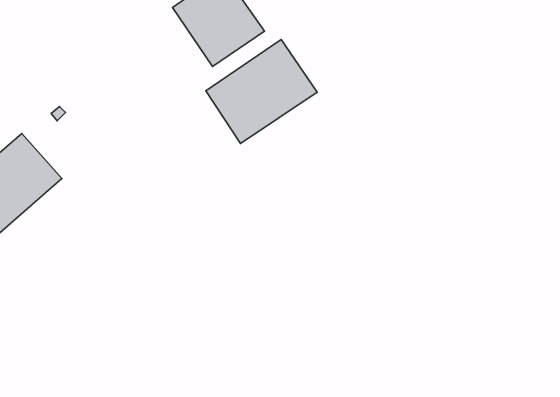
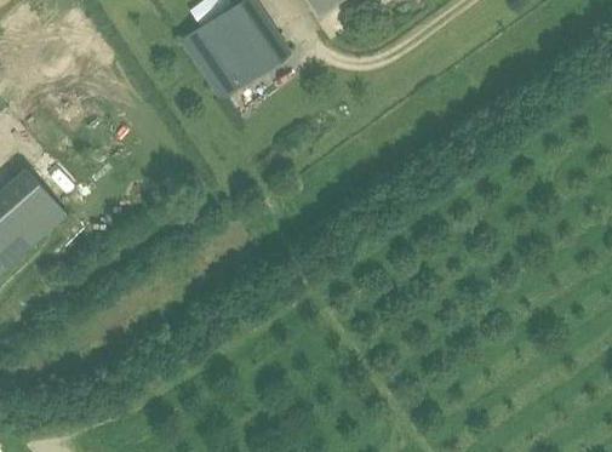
building: [206,39,317,143] -> none

